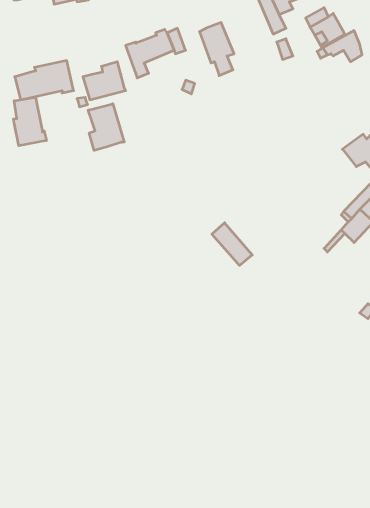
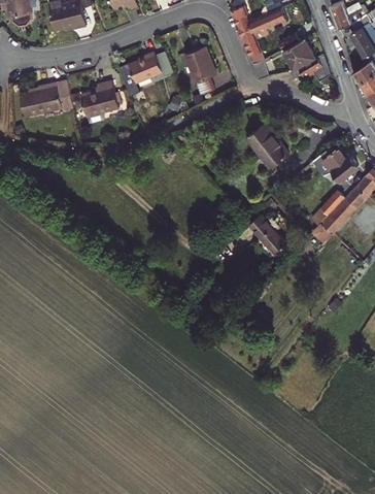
building: [13,97,46,146] -> none
building: [88,104,124,150] -> none
building: none -> [245,125,288,167]
building: [212,223,252,265] -> [249,216,285,254]

